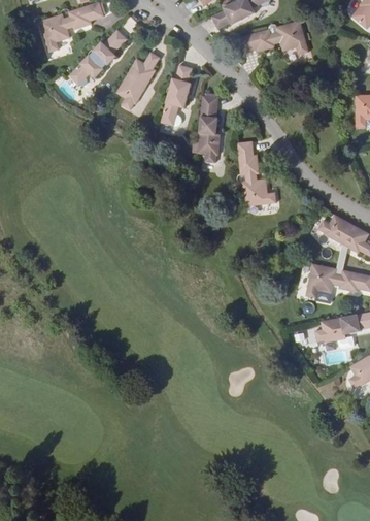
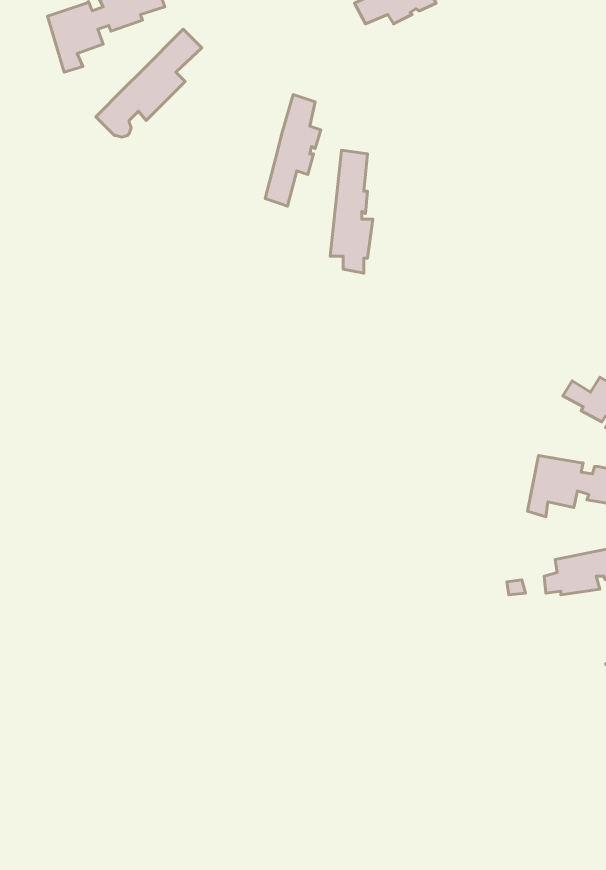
building: [234,21,308,55] -> none
building: [116,52,160,109] -> none
building: [237,140,276,205] -> none

